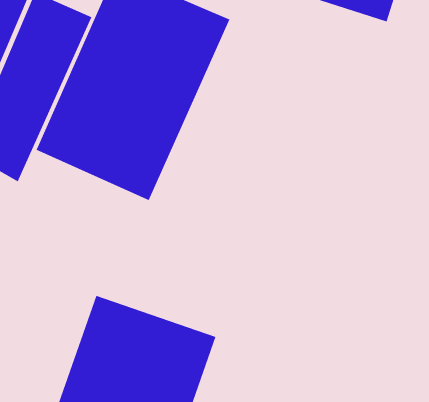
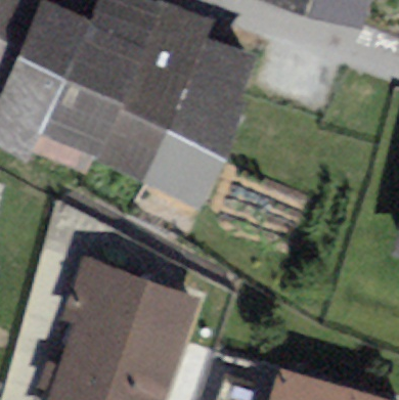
building: none -> [140,37,261,207]

